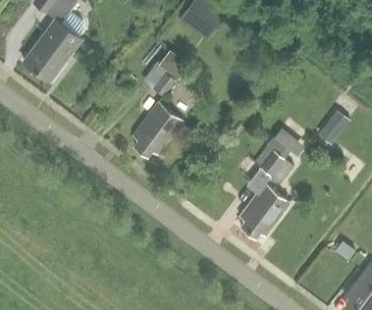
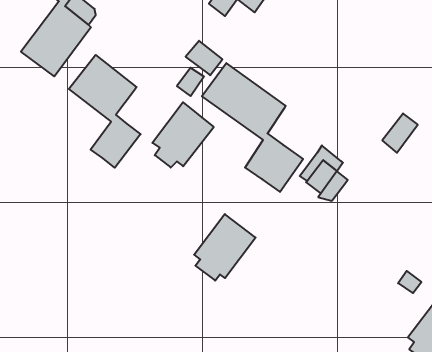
building: none -> [69,55,141,168]
building: none -> [202,63,303,192]
building: [238,184,289,239] -> [194,214,256,281]

